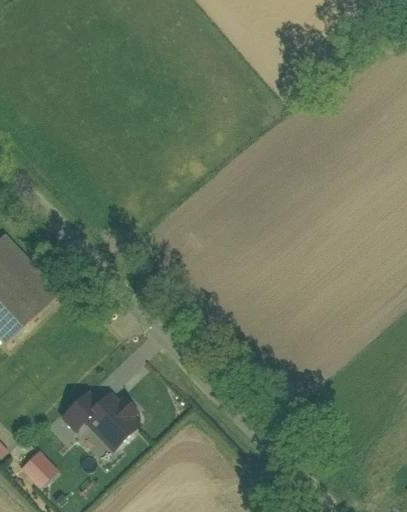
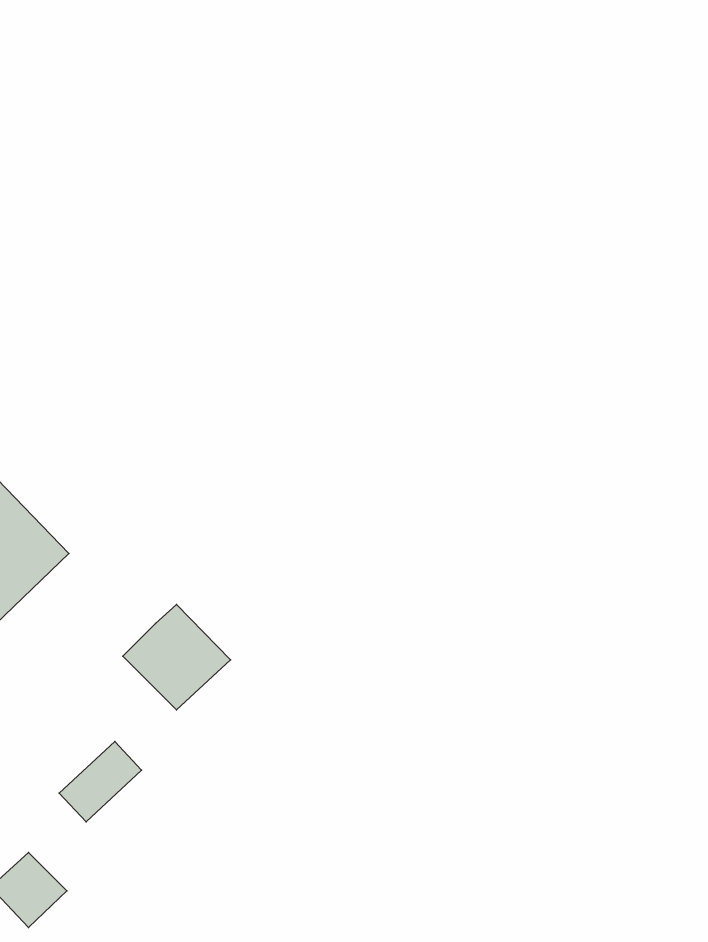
building: [85,395,141,450] -> [123,604,230,710]

